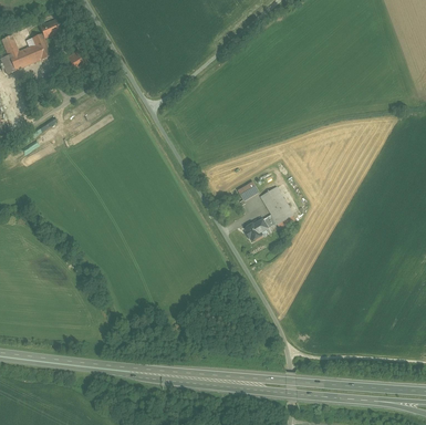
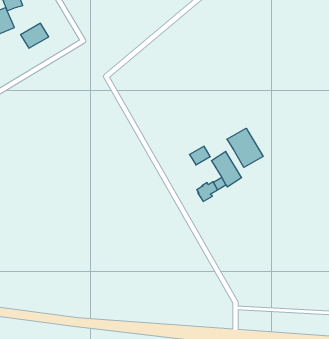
building: none -> [227,128,263,167]

